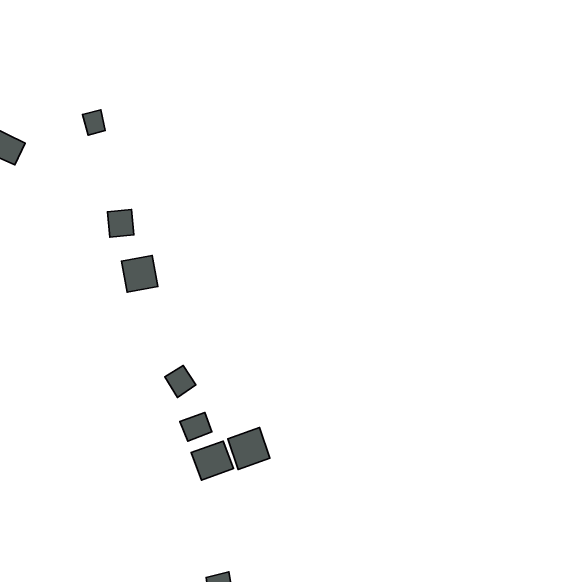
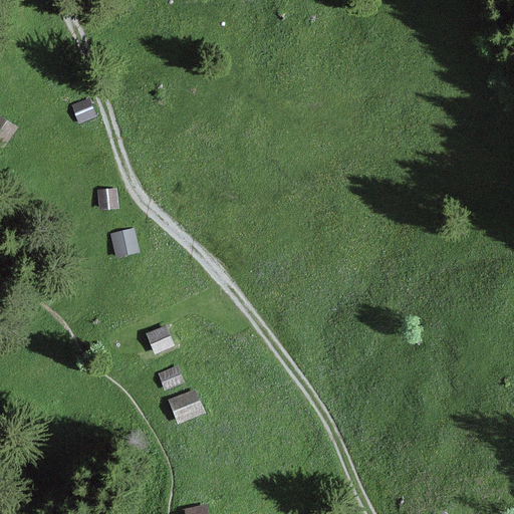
building: [228,428,270,469] -> none

